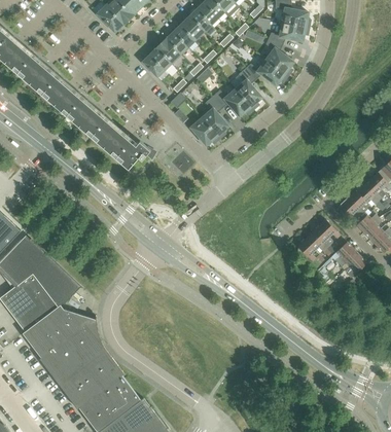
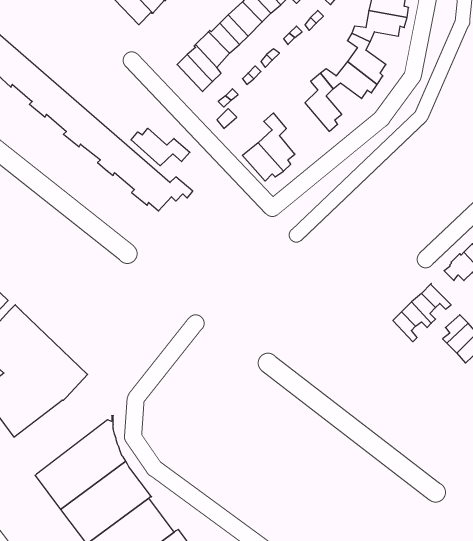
building: [212,89,252,117] -> none
building: none -> [131,128,190,166]
building: [22,304,92,358] -> none

